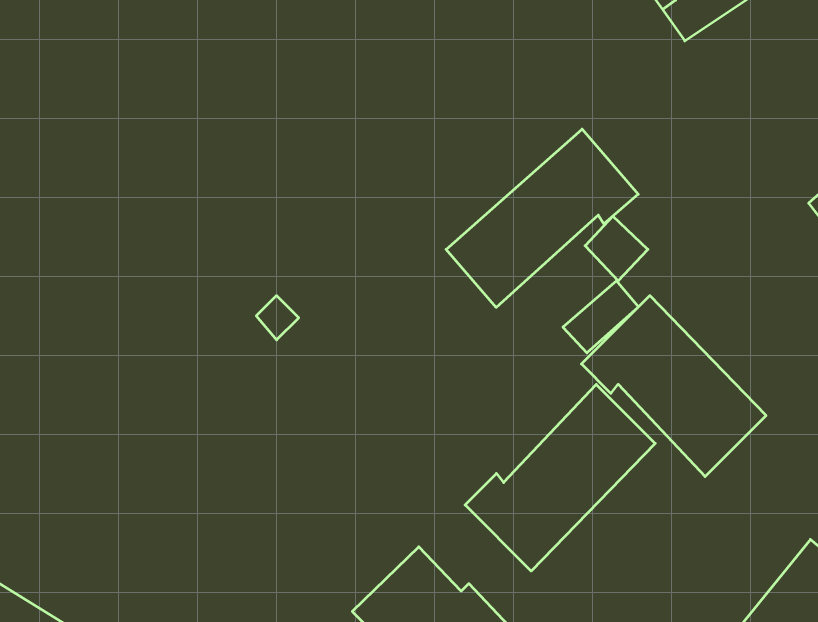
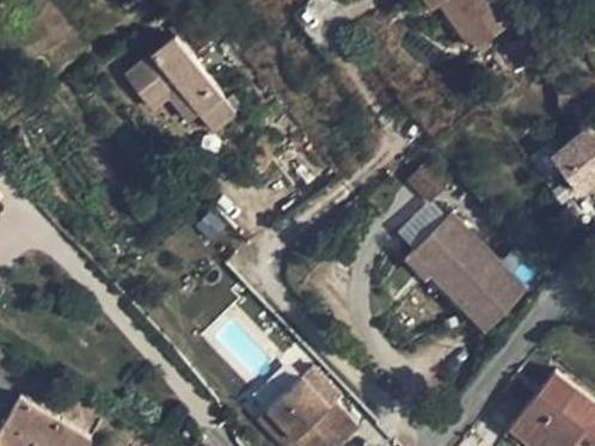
building: none -> [124,38,233,134]
building: [446,129,638,307] -> none
building: [465,384,655,571] -> none

